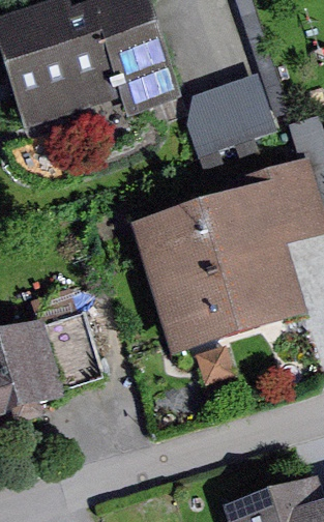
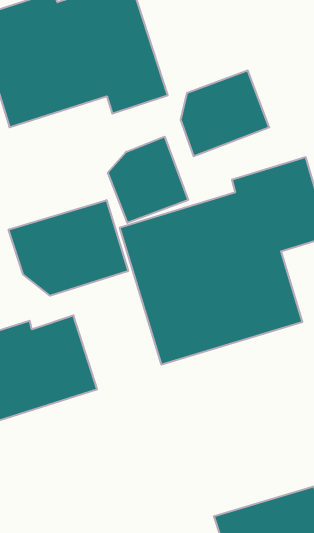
building: none -> [108,137,188,223]
building: none -> [9,200,128,296]

